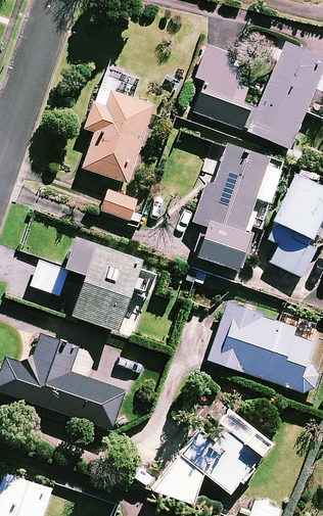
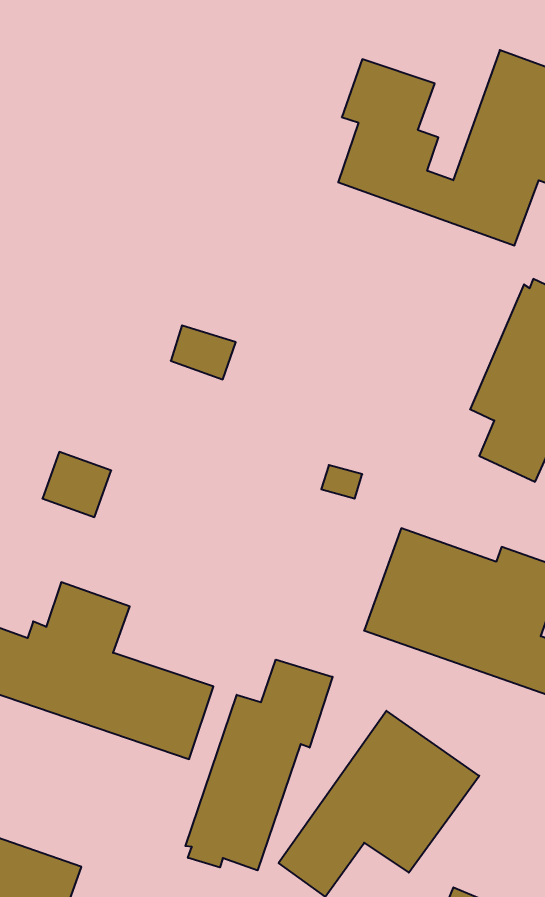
building: [82,74,153,184] -> none
building: [193,144,283,269] -> none
building: [66,236,156,329] -> none
building: none -> [185,660,333,870]

